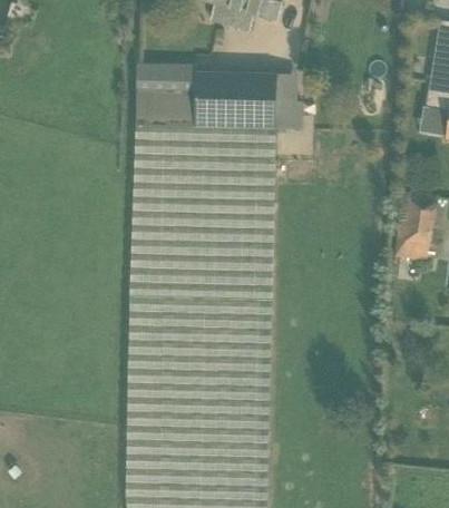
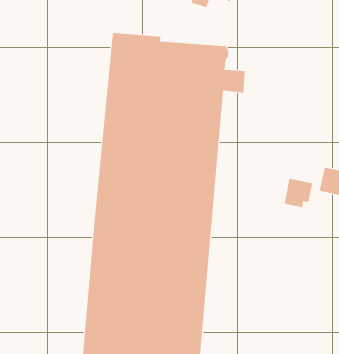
building: none -> [284,178,313,208]

